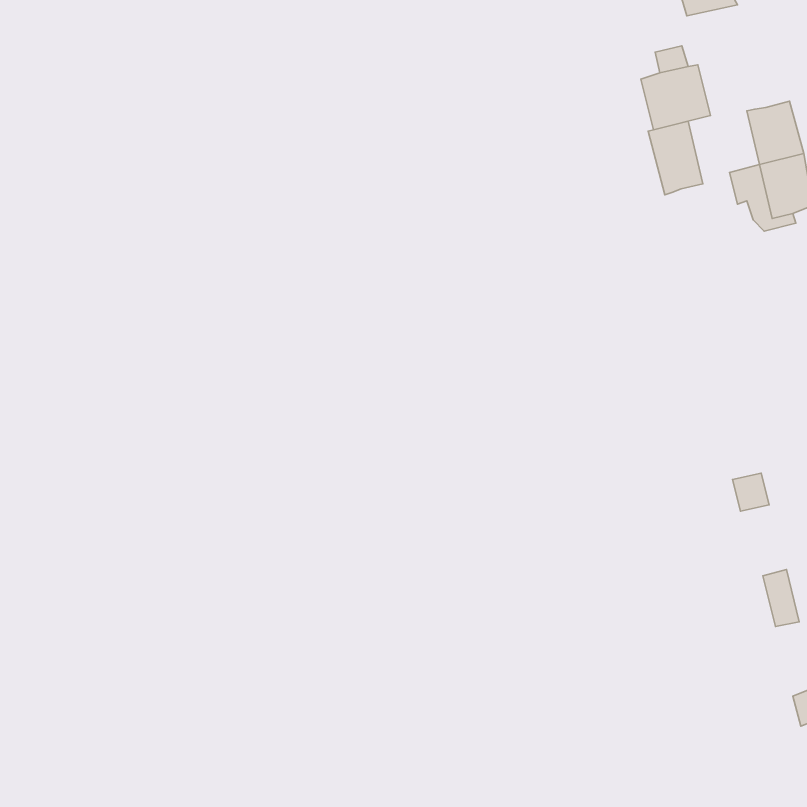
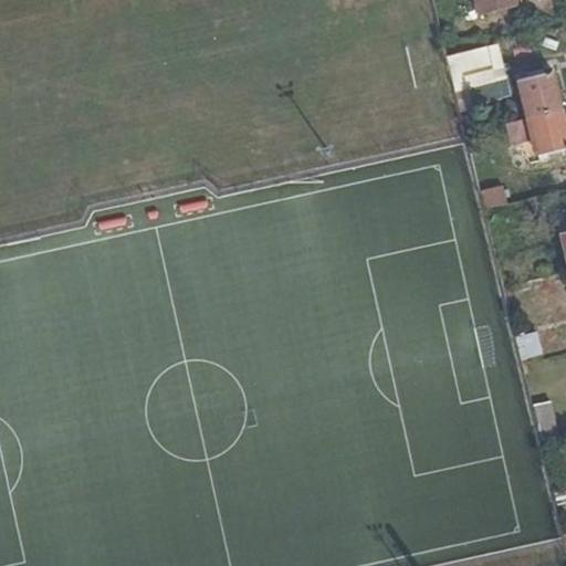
building: [648,121,703,195] -> none

